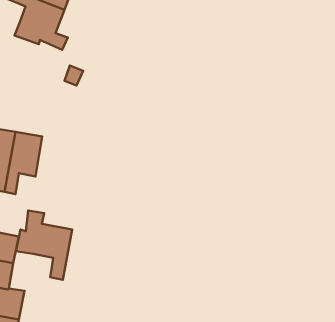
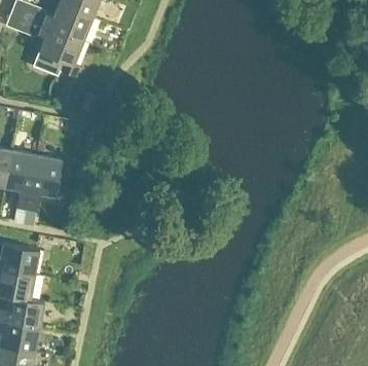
building: [16,211,72,280] -> none

